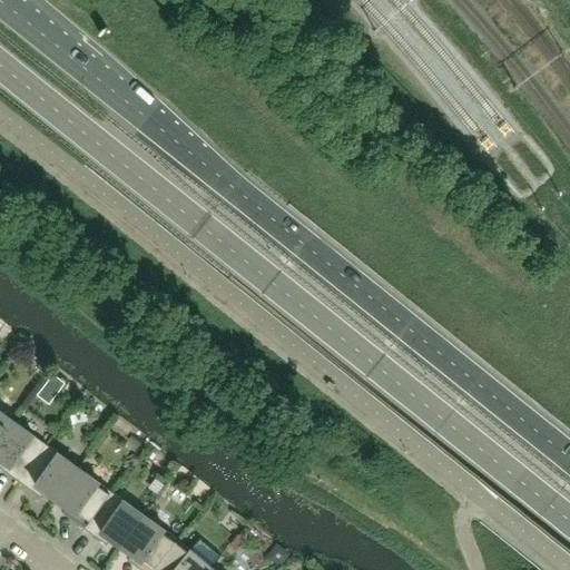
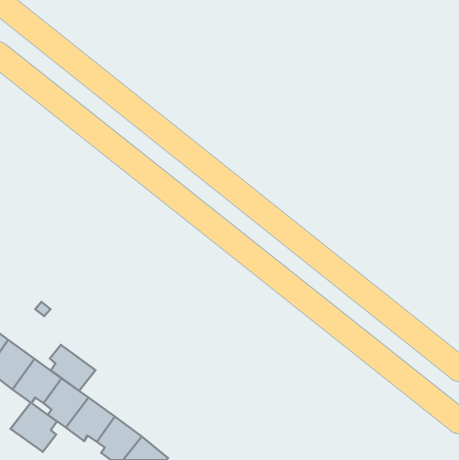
building: none -> [50,345,96,391]
building: none -> [11,403,57,452]

